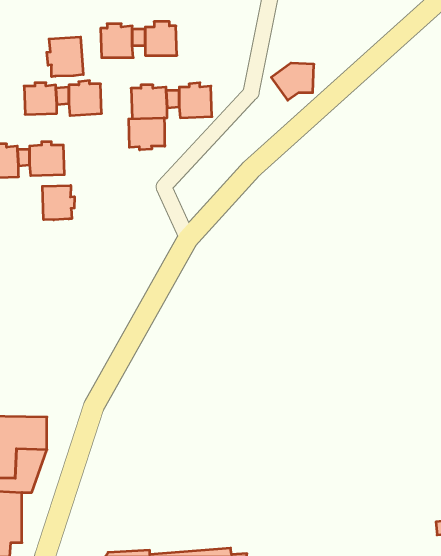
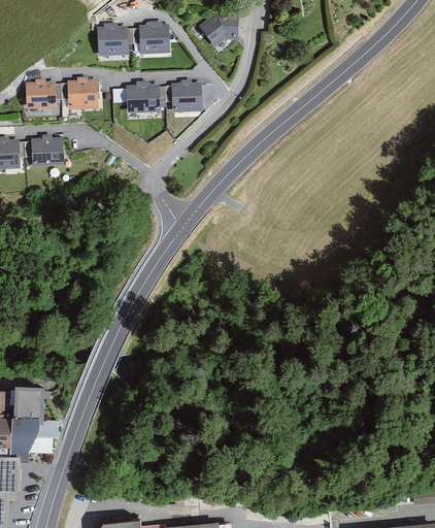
building: [47,37,83,77] -> none
building: [271,63,314,100] -> [198,12,238,47]
building: [129,118,165,150] -> none
building: [42,185,74,220] -> none

